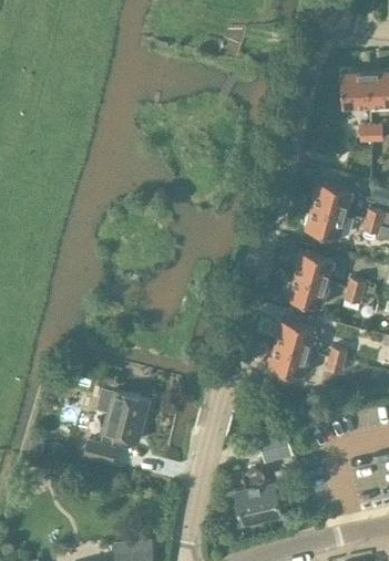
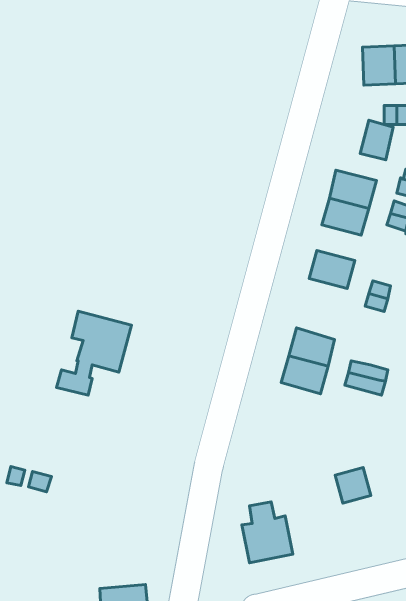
building: none -> [360,120,393,160]
building: [288,277,328,309] -> none
building: [84,388,150,461] -> [56,311,131,395]
building: [259,433,290,464] -> [335,467,371,503]

